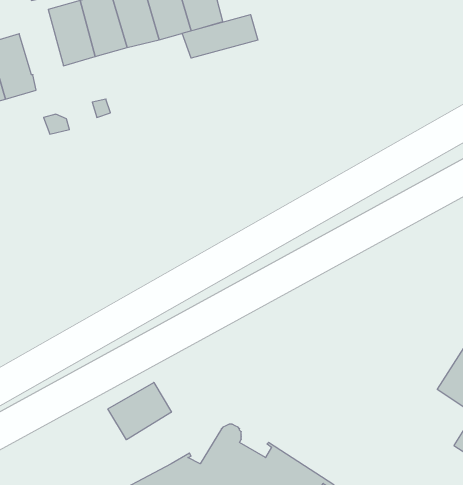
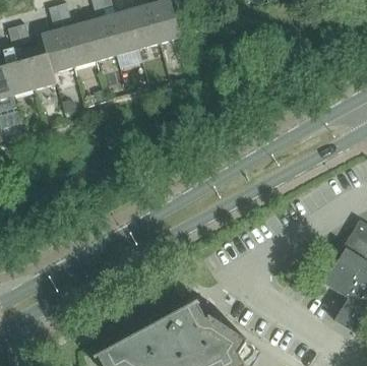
building: none -> [42,27,74,71]
building: [182,15,258,58] -> none
building: [108,382,171,440] -> none

